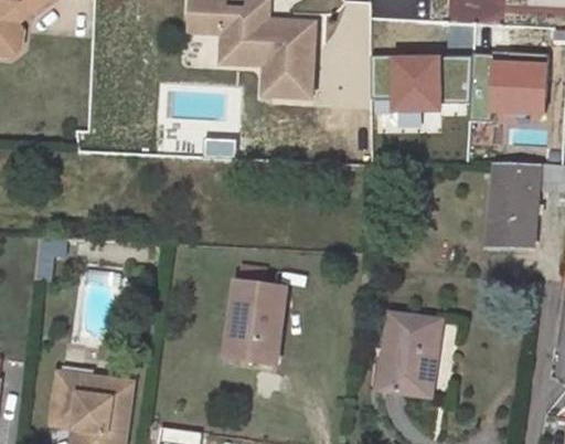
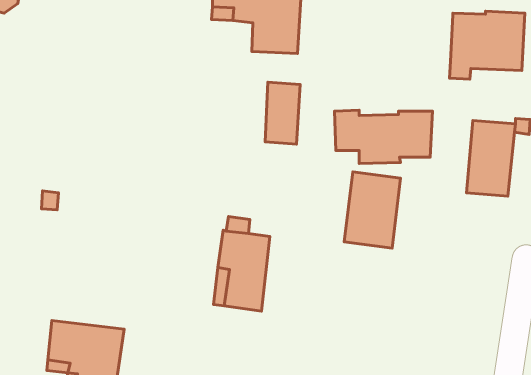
building: [372,55,473,110] -> [335,110,432,163]
building: none -> [265,82,300,144]
building: [380,314,438,393] -> [344,172,401,248]

